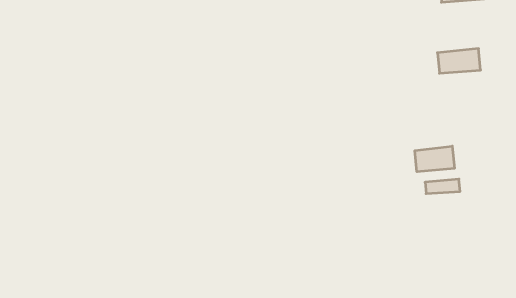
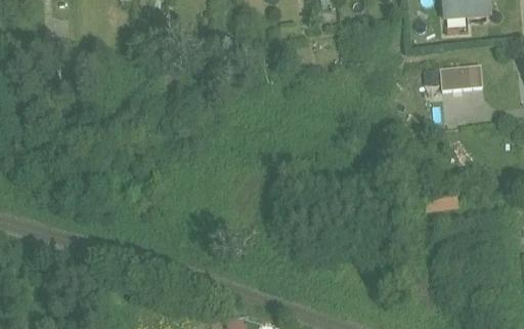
building: [415,146,454,172] -> none

